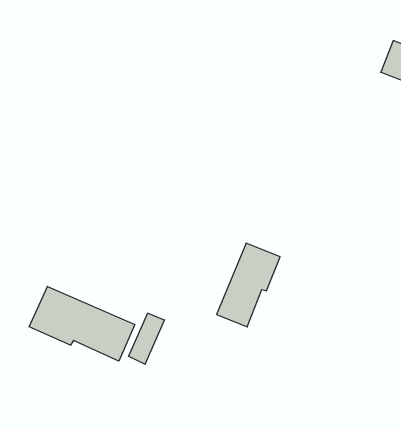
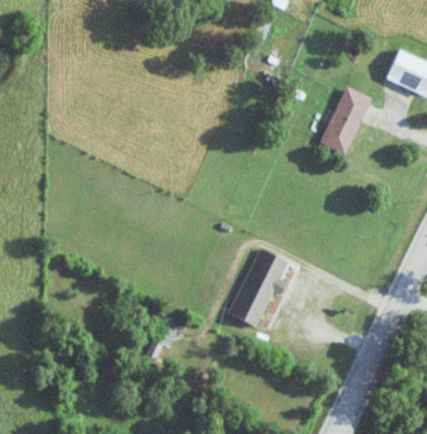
building: none -> [321,87,370,156]
building: [29,286,135,361] -> none

